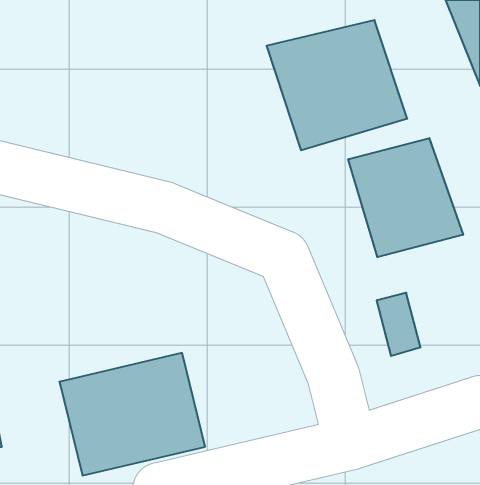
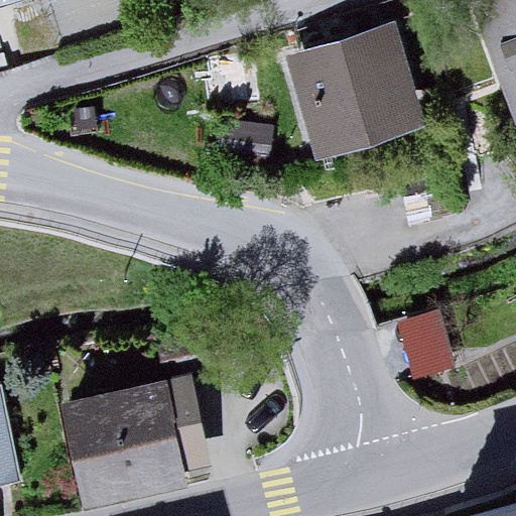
building: [348,138,463,257] -> none

